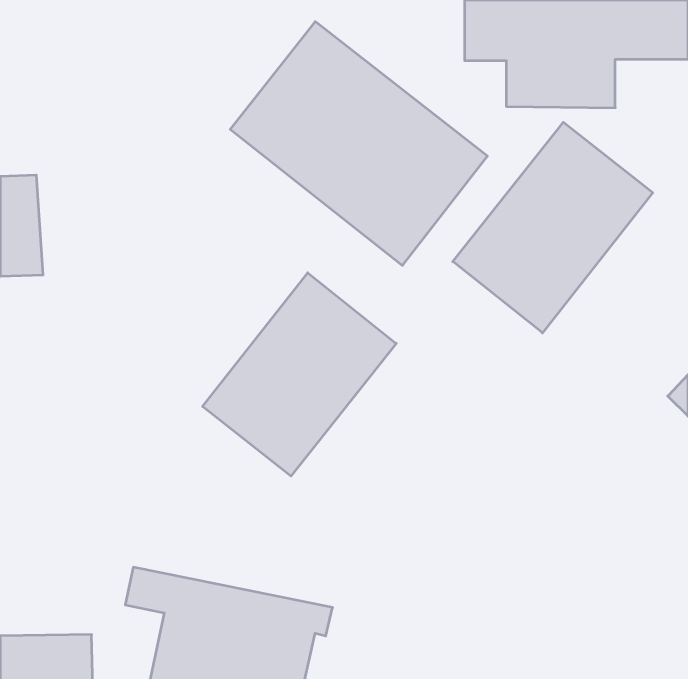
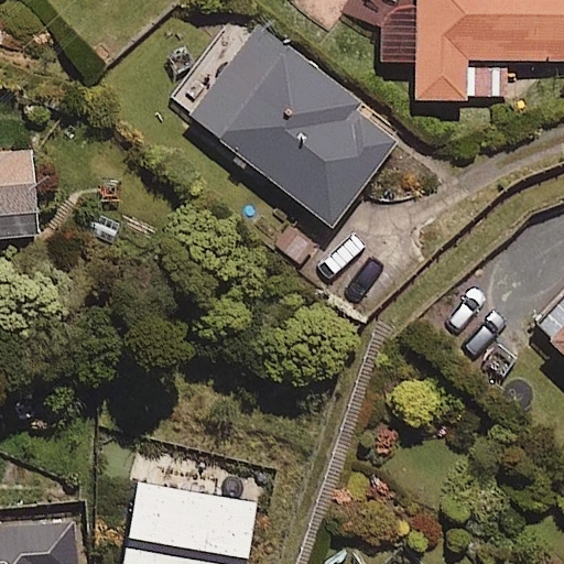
building: [453,122,653,333] -> none
building: [203,273,396,476] -> none

